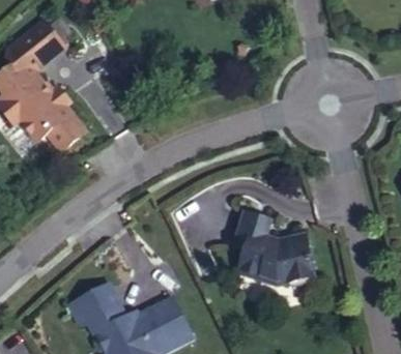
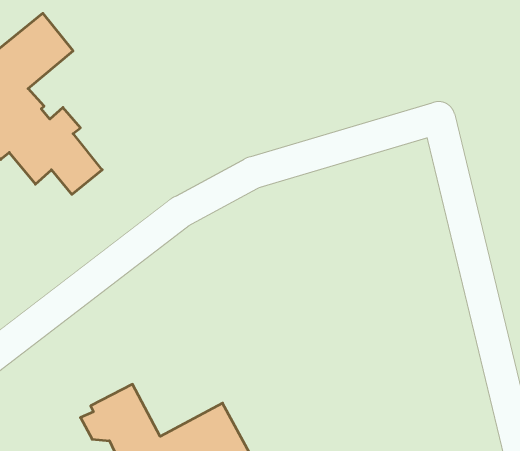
building: [232,210,315,286] -> none

